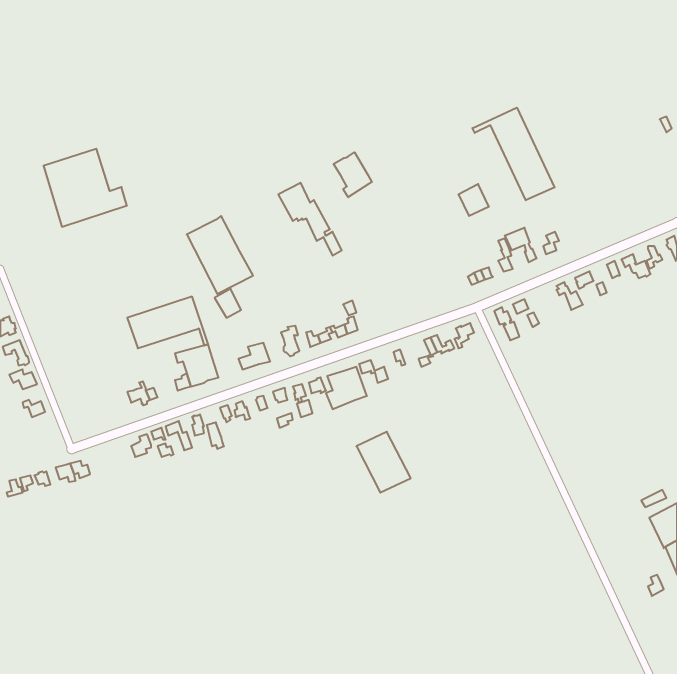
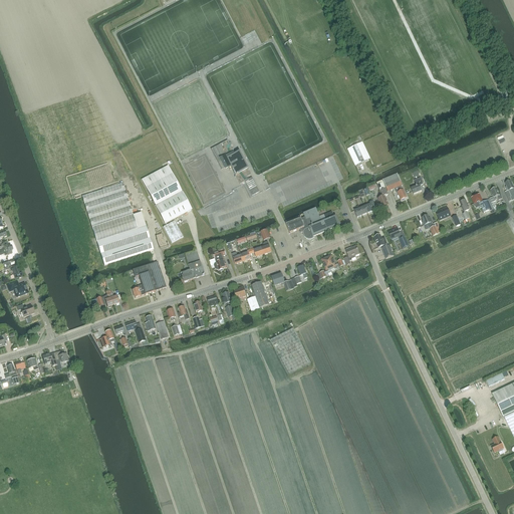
building: [472,108,554,200] -> none
building: [43,149,127,227] -> [82,182,146,241]
building: [334,152,372,197] -> none
building: none -> [286,207,339,238]

